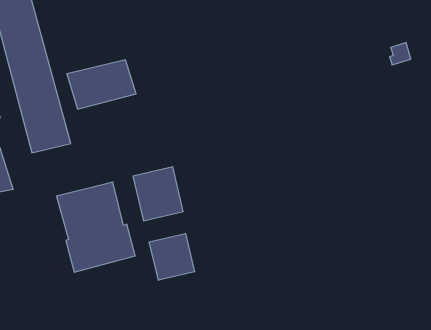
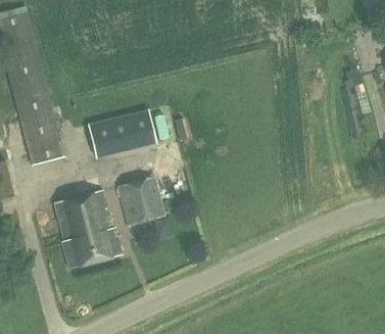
building: [67,60,136,109] -> [97,114,157,157]
building: [149,233,195,280] -> none

